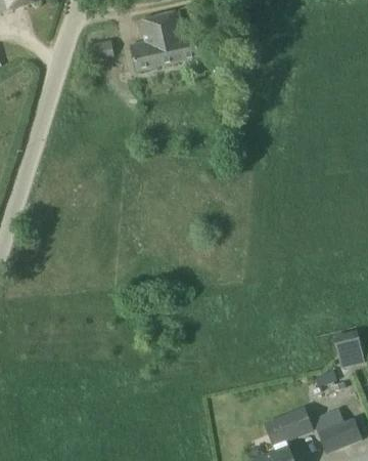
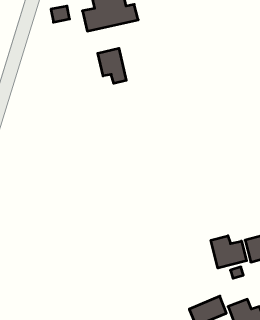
building: none -> [98,48,126,83]
building: none -> [211,236,247,268]

